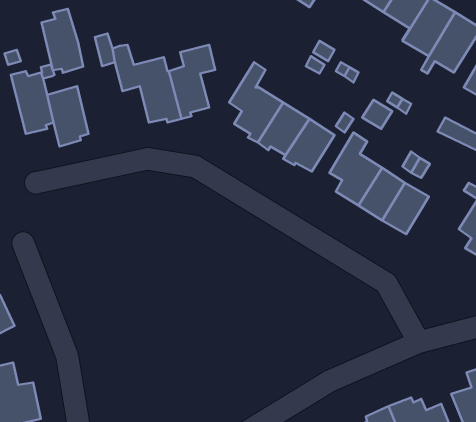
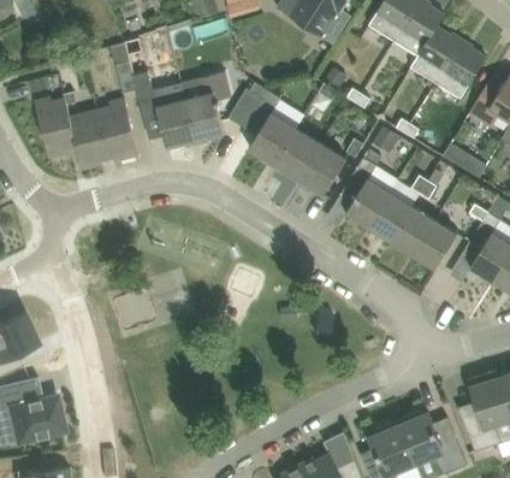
building: [42,9,83,73] -> [99,99,138,160]
building: none -> [229,81,268,128]
building: none -> [414,218,458,268]

